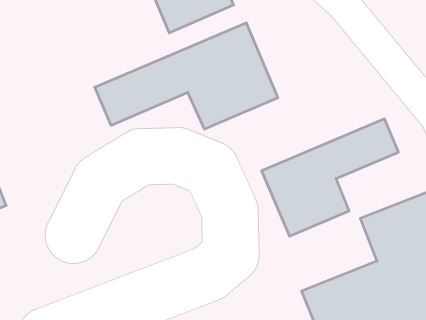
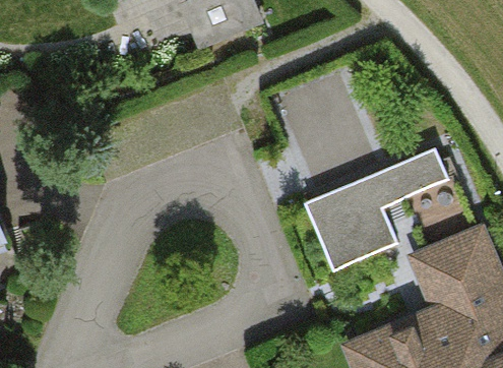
building: [95,23,278,129] -> none

